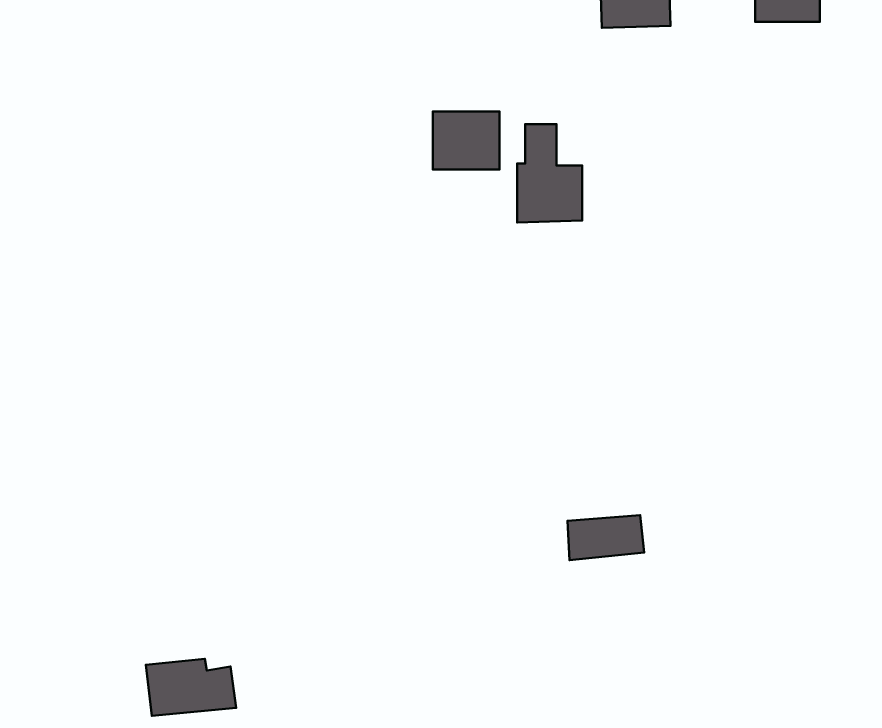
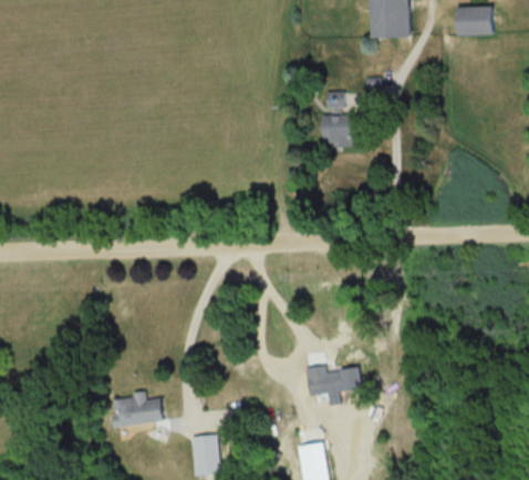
building: [433,111,499,169] -> none
building: [568,515,644,560] -> [317,369,360,395]

